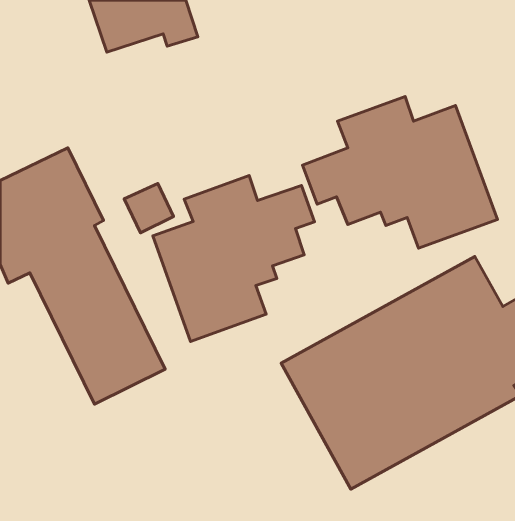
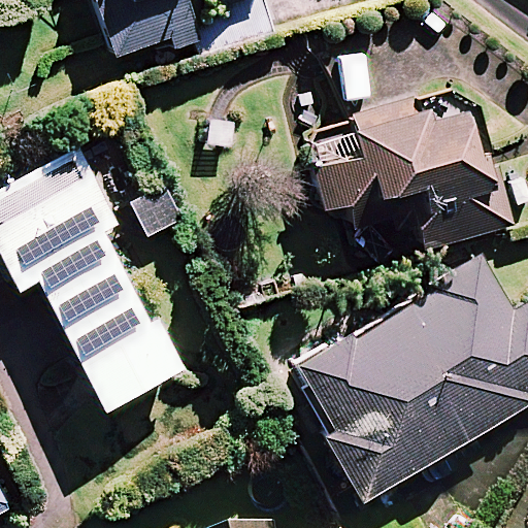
building: [153,176,314,342] -> none

